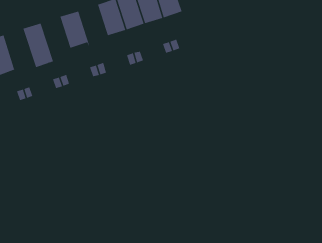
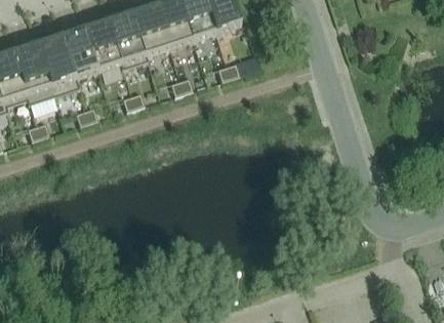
building: none -> [109,15,147,69]
building: none -> [60,31,97,88]
building: none -> [13,46,53,104]

